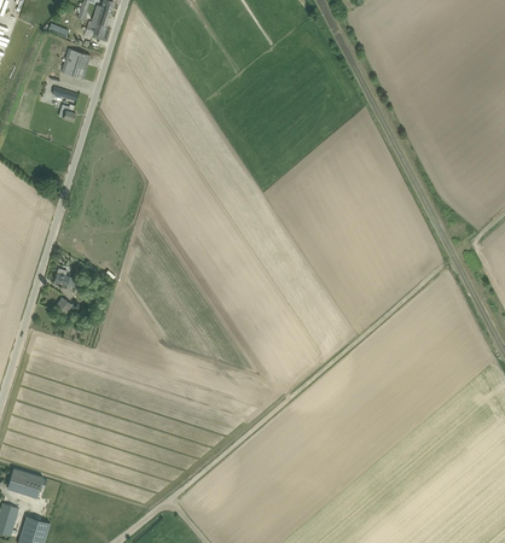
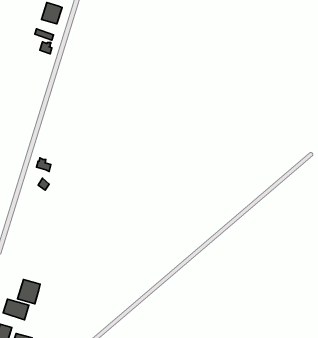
building: none -> [17,279,40,304]

